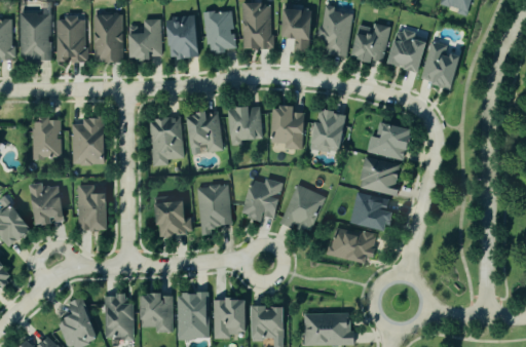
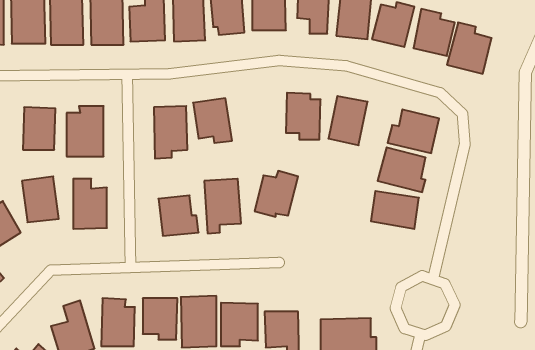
building: [230,107,261,145] -> none
building: [280,185,326,234] -> none
building: [328,228,377,263] -> none

